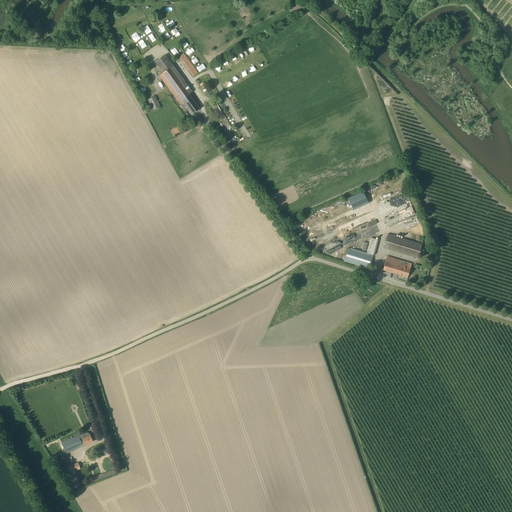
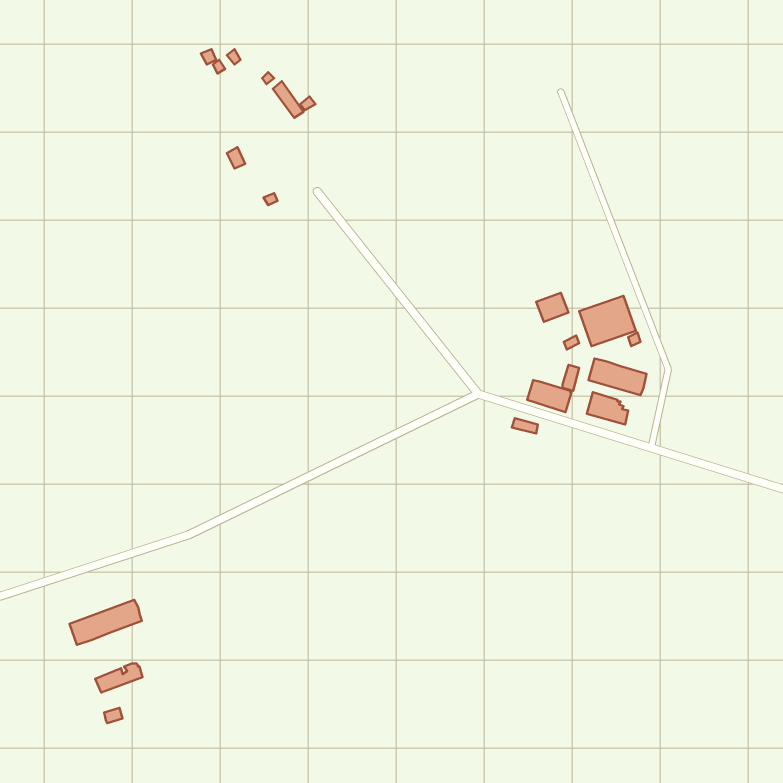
building: [156,54,200,114] -> none
building: none -> [69,600,142,645]

